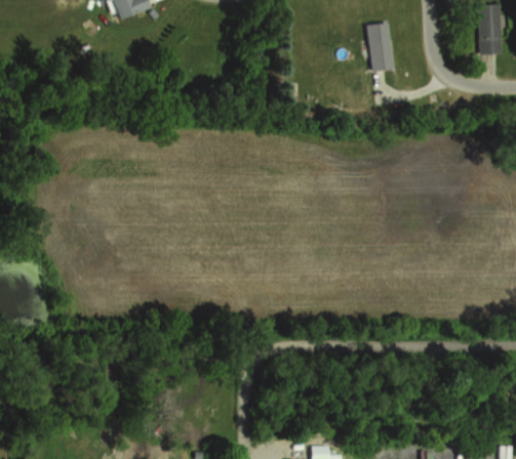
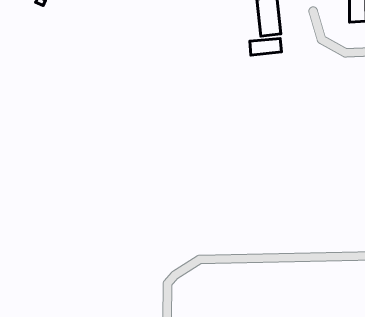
building: none -> [250,38,282,55]

